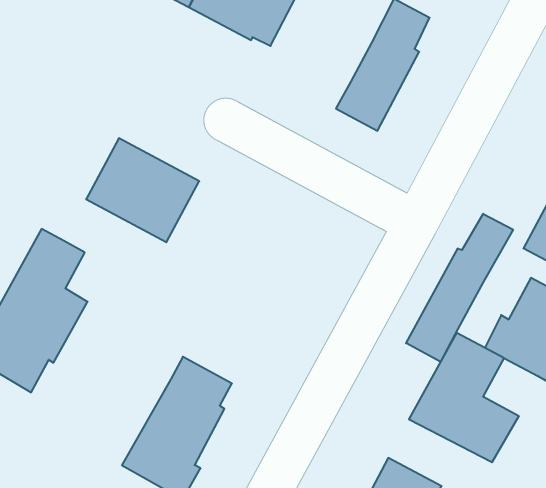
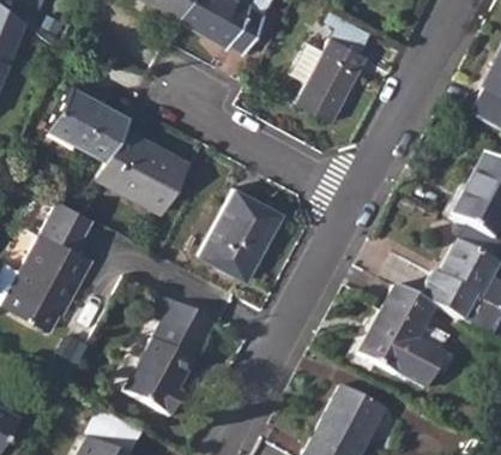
building: none -> [48,85,128,157]
building: [406,214,513,362] -> none
building: none -> [200,187,282,279]

